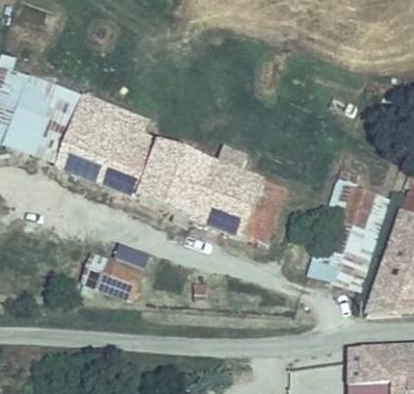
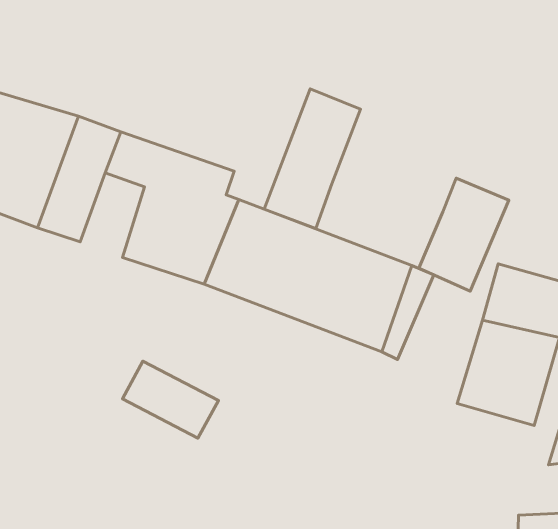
building: none -> [264,89,360,228]
building: [56,119,99,175] -> none
building: none -> [419,178,509,291]

